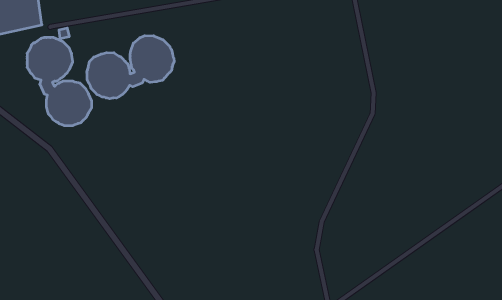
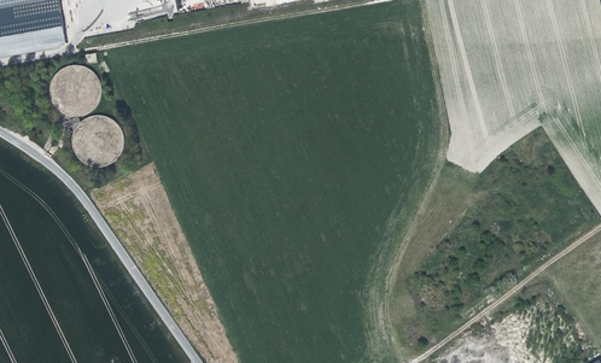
building: [87,36,174,99] -> none

